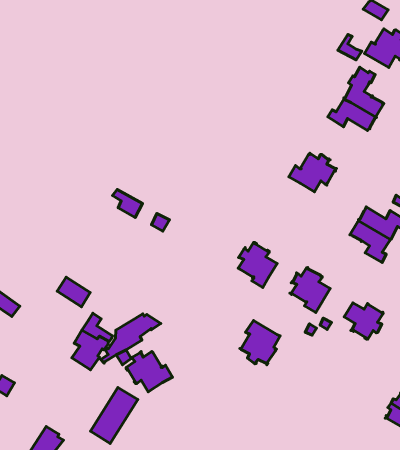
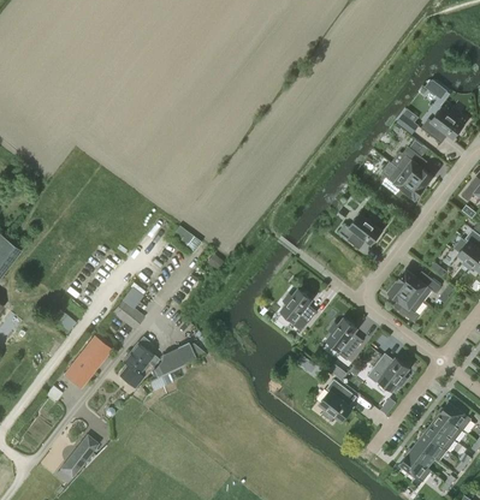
building: [240,321,280,365] -> [319,379,357,421]
building: [126,351,172,392] -> none
building: [90,387,138,443] -> [65,335,112,386]

